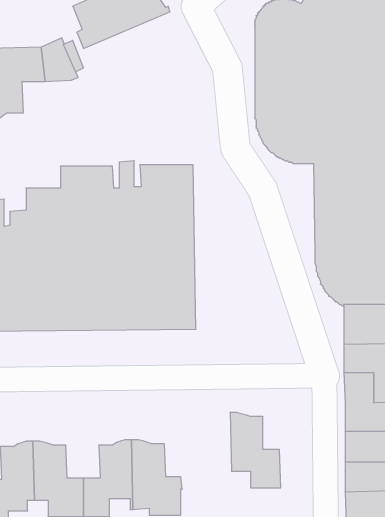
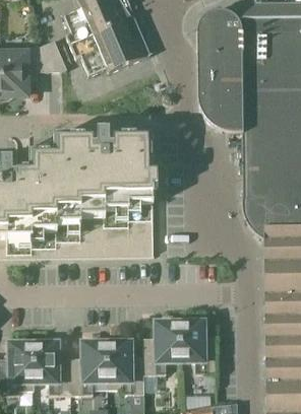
building: none -> [72,20,152,76]
building: none -> [144,318,182,374]

